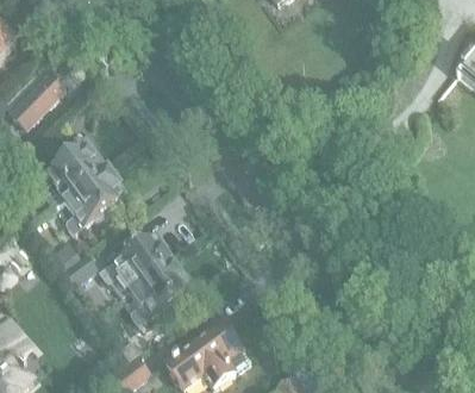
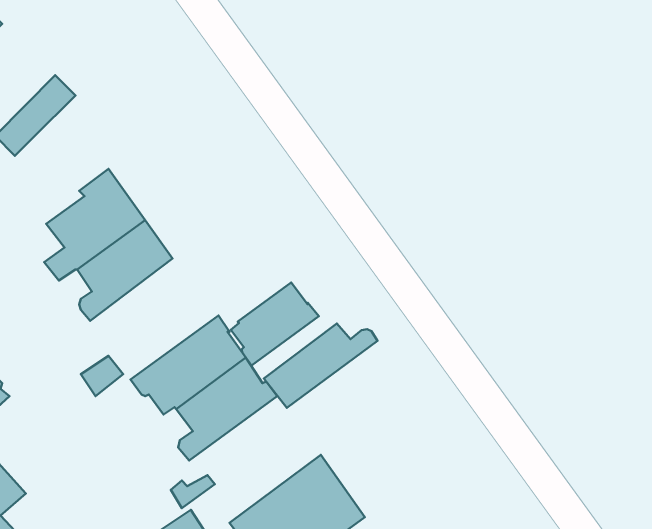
building: none -> [231,282,319,366]
building: none -> [264,323,378,408]

